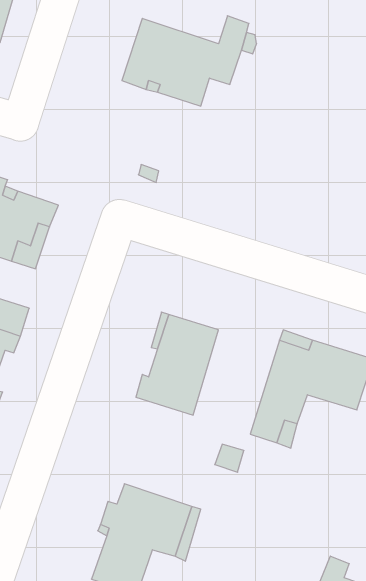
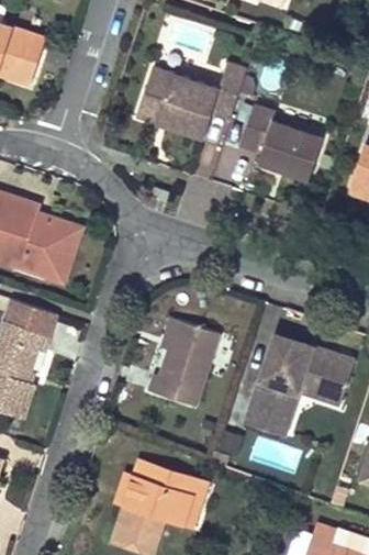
building: none -> [239,106,323,180]

